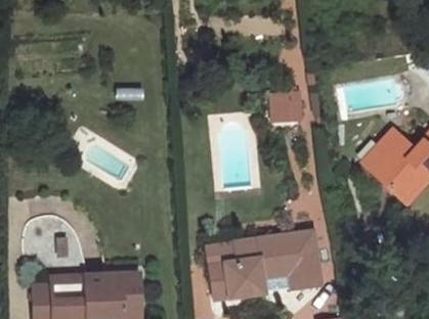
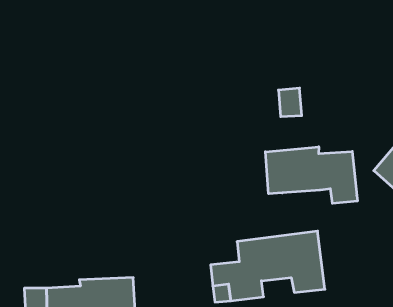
building: none -> [265,147,357,203]

